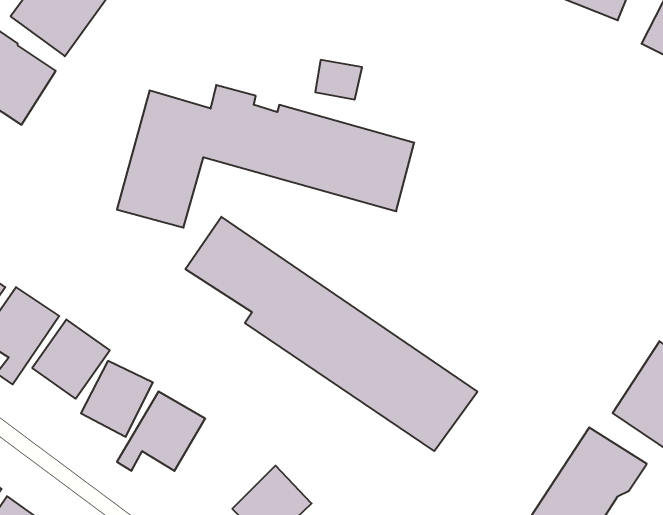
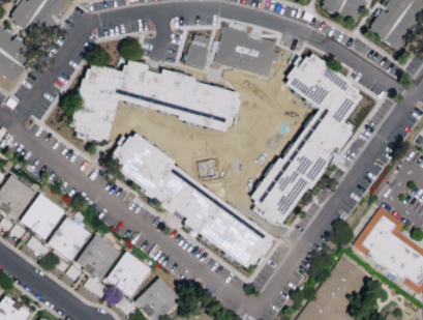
building: none -> [212,26,278,68]
building: none -> [248,51,364,225]
building: none -> [105,251,151,297]

